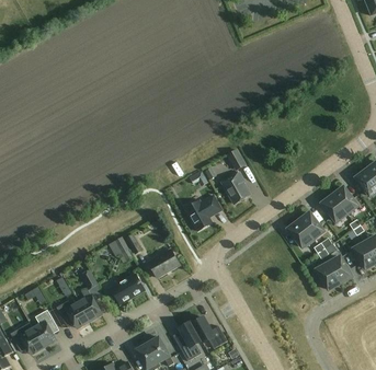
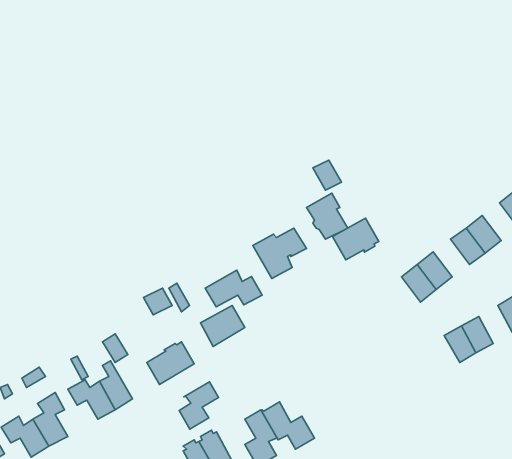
building: none -> [332,218,379,260]
building: none -> [205,270,262,307]
building: none -> [179,382,219,429]

